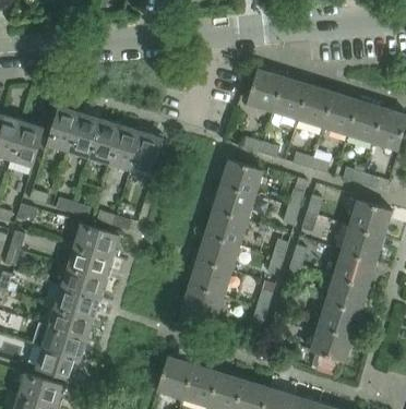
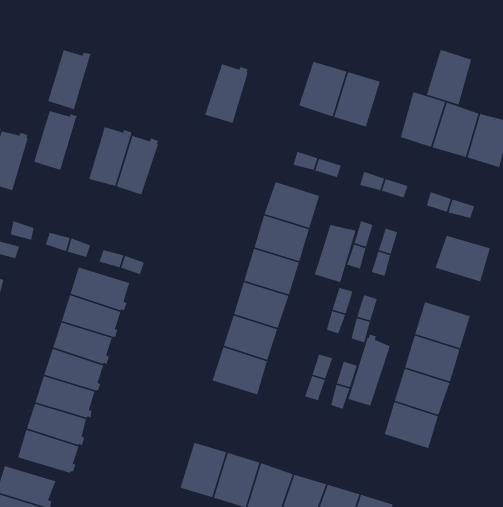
building: [298,84,333,127] -> [426,49,472,105]
building: [68,112,102,158] -> [47,49,92,110]
building: [129,131,163,177] -> [204,63,249,124]
building: none -> [314,224,357,283]
building: [342,225,384,261] -> none
building: none -> [347,334,391,407]

